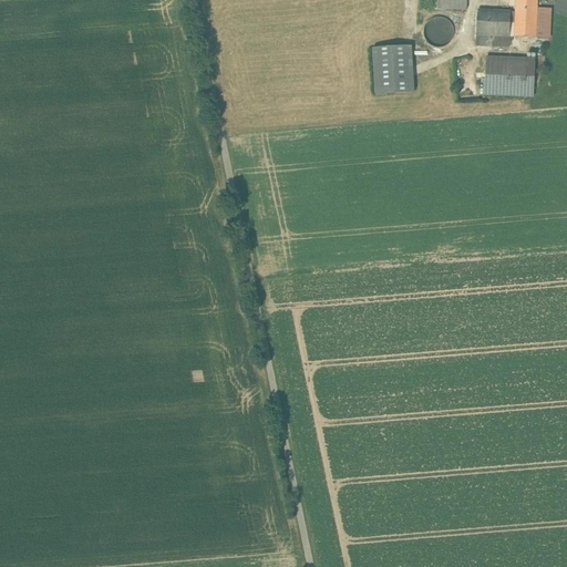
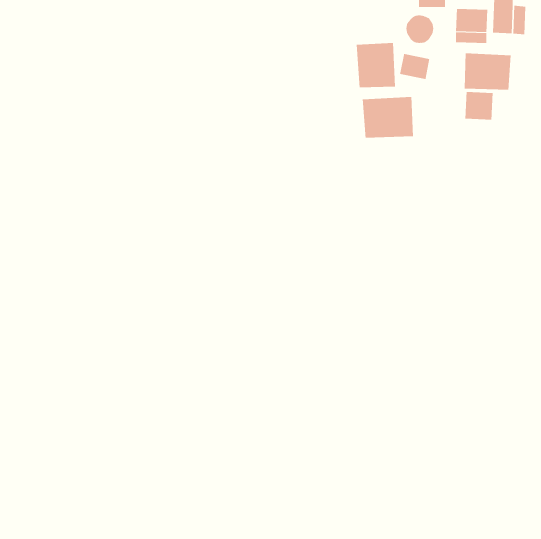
building: none -> [400,53,430,80]
building: none -> [465,91,493,121]
building: none -> [362,96,414,138]

